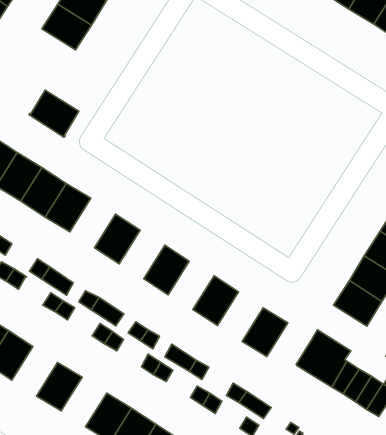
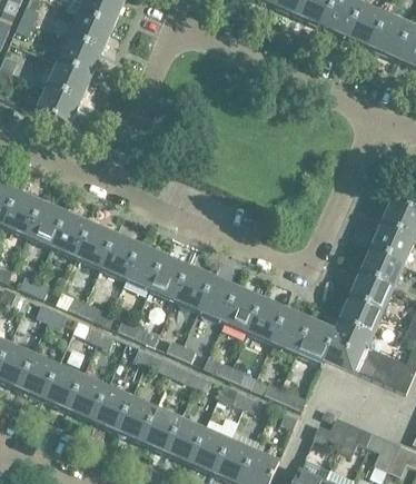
building: [29,90,79,137] -> [36,86,80,126]
building: none -> [100,233,139,277]
building: none -> [149,255,188,298]
building: none -> [198,276,237,319]
building: none -> [247,297,286,342]
building: none -> [338,296,383,335]
building: none -> [296,318,335,364]
building: none -> [68,375,107,419]
building: none -> [117,396,156,441]

